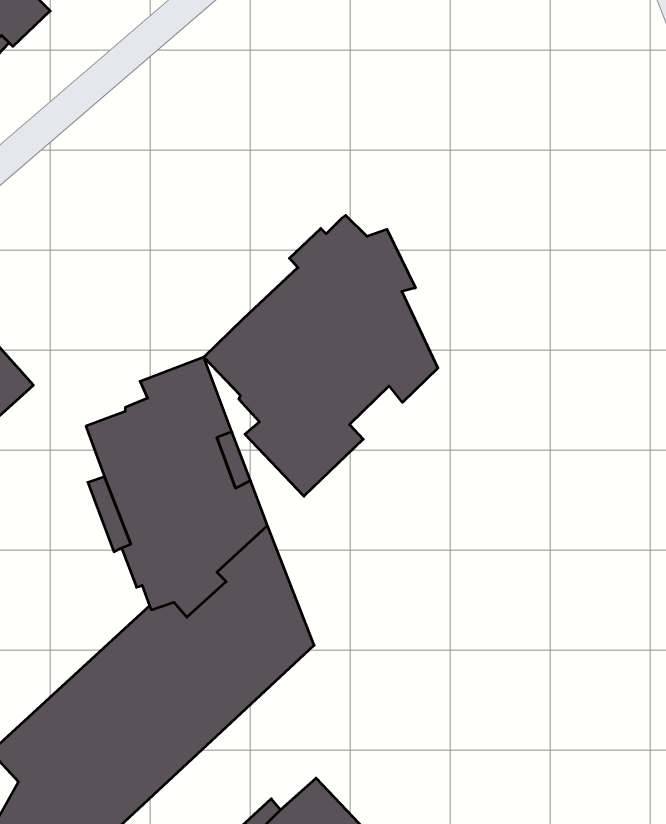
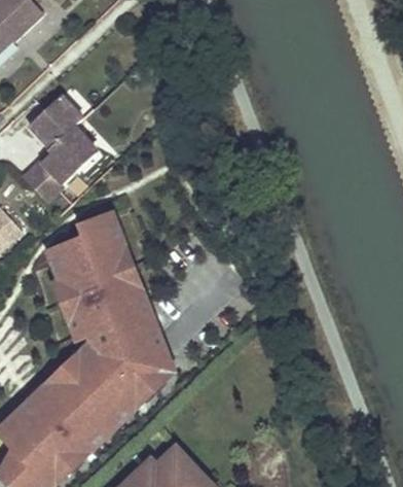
building: none -> [22,95,94,201]
building: [204,215,438,496] -> none

